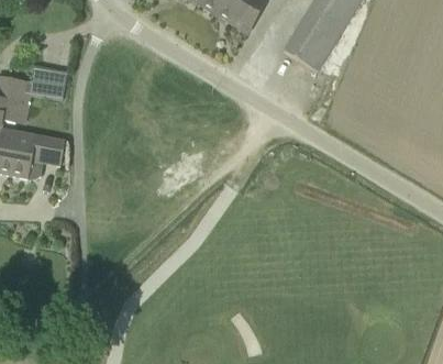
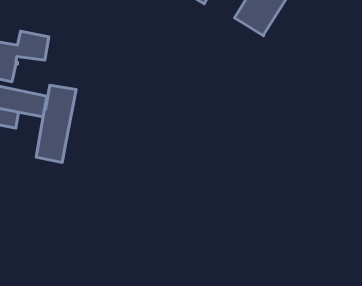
building: none -> [36,85,76,163]

